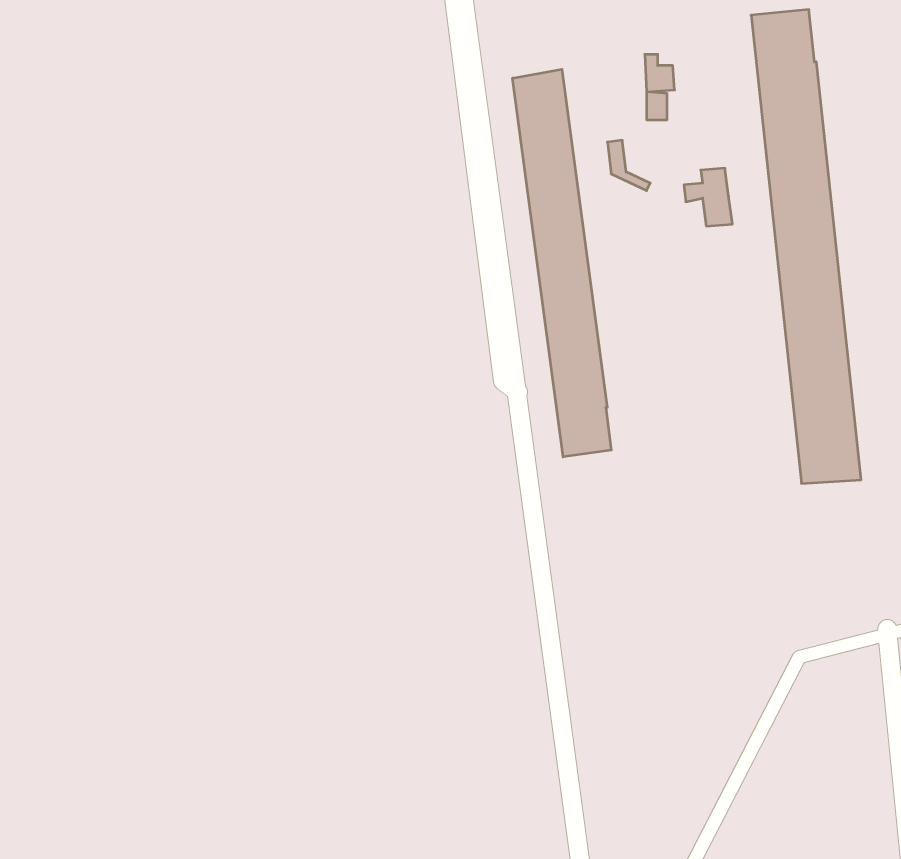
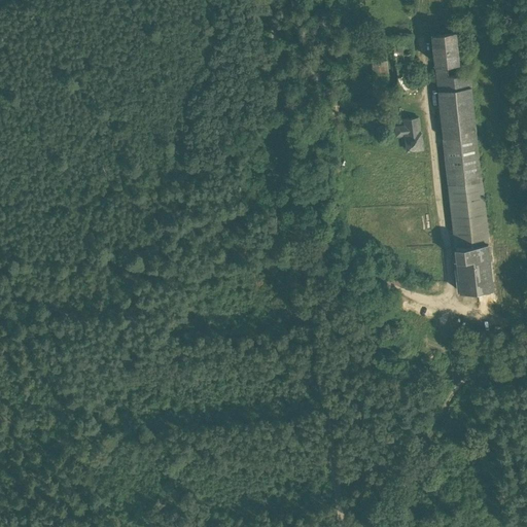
building: [513,69,611,457] -> none

